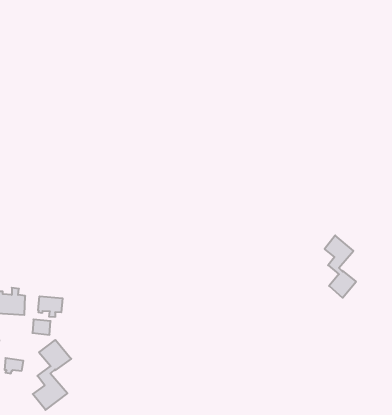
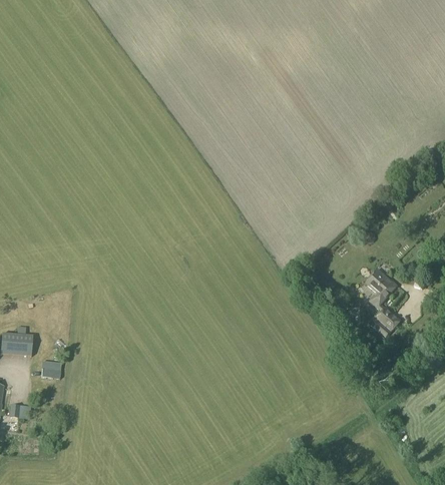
building: [38,296,63,317] -> none
building: [33,340,71,410] -> none

